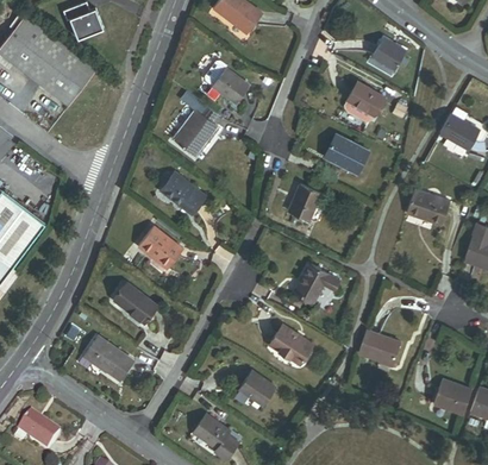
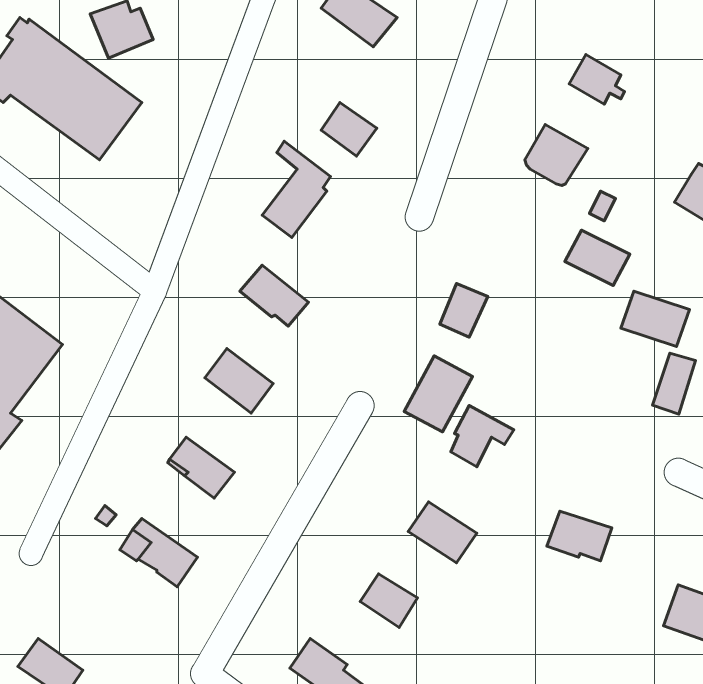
building: [325,134,367,170] -> [565,230,630,285]
building: none -> [652,353,695,414]
building: none -> [404,356,473,432]

